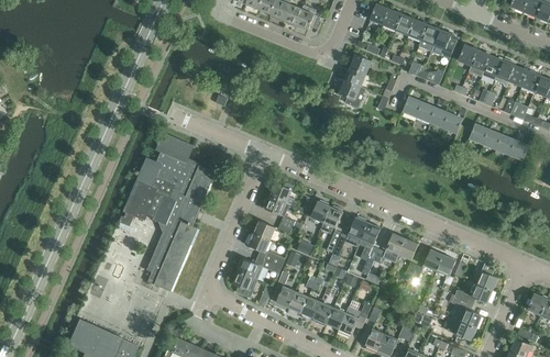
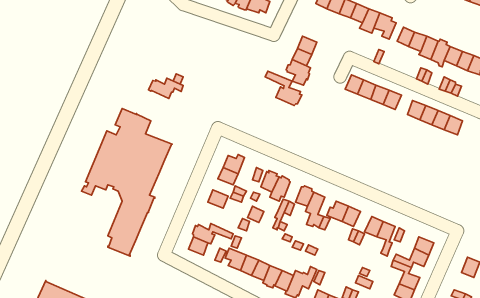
building: none -> [265,71,302,106]
building: none -> [148,78,183,99]
building: [246,234,285,268] -> none

